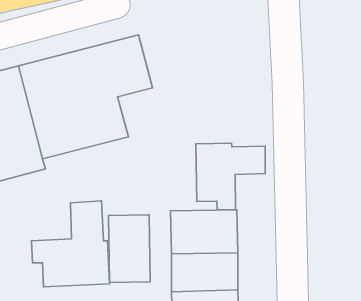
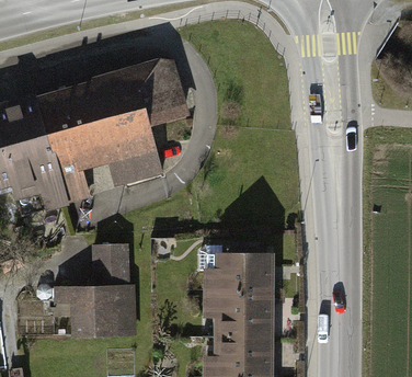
building: [196,143,265,210] -> none
building: [109,215,150,283] -> none

